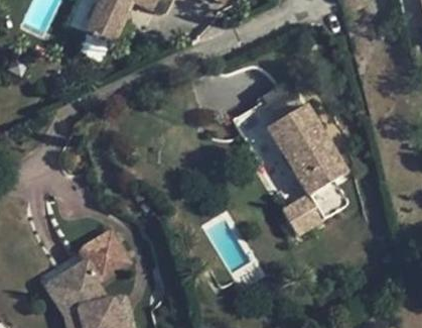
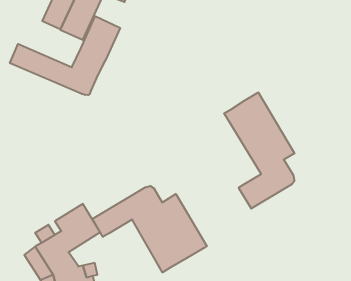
building: none -> [10,16,120,95]
building: none -> [92,186,207,272]

